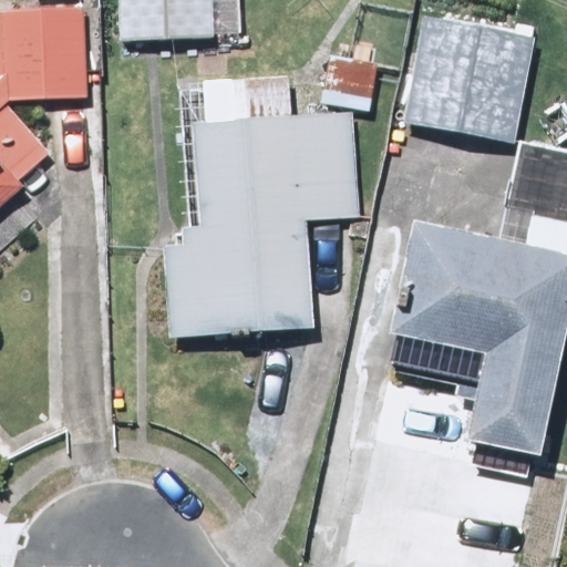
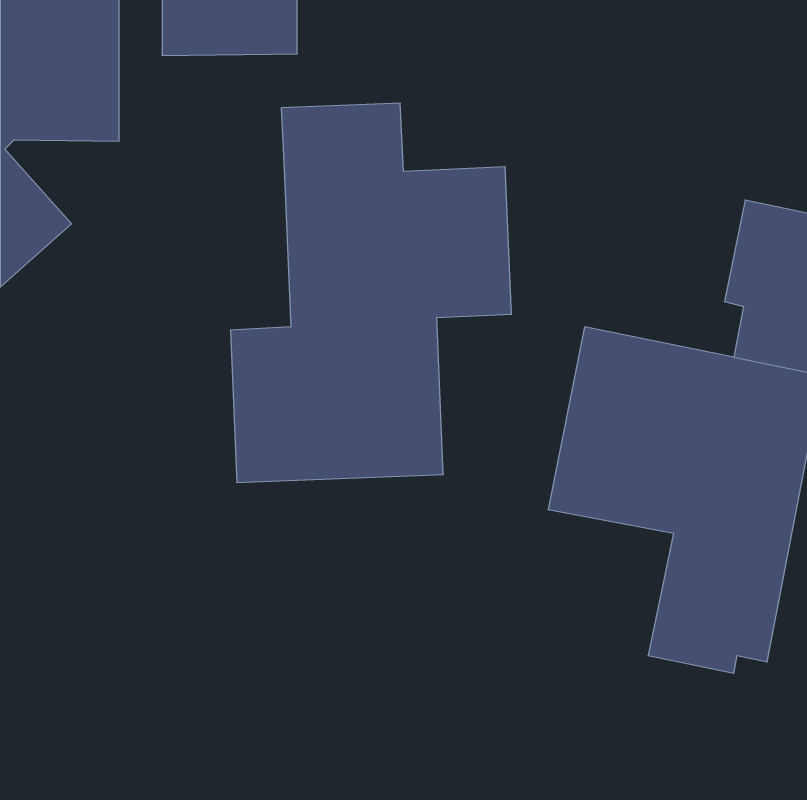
building: [398,18,532,141] -> none

